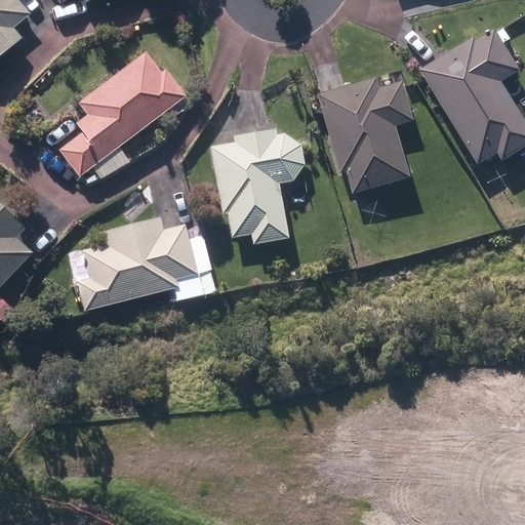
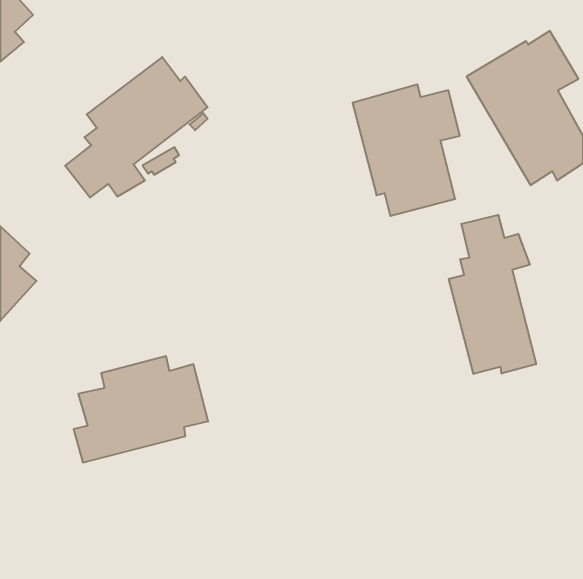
building: [210,129,305,245] -> none
building: none -> [449,215,536,374]
building: [78,216,199,312] -> [74,356,208,462]

